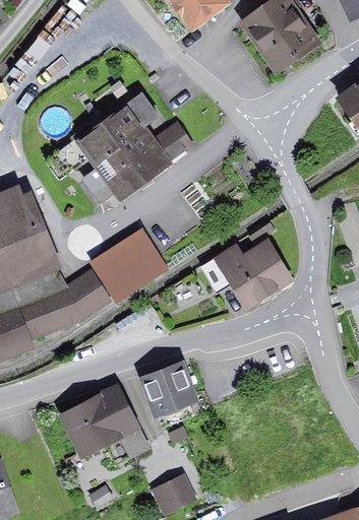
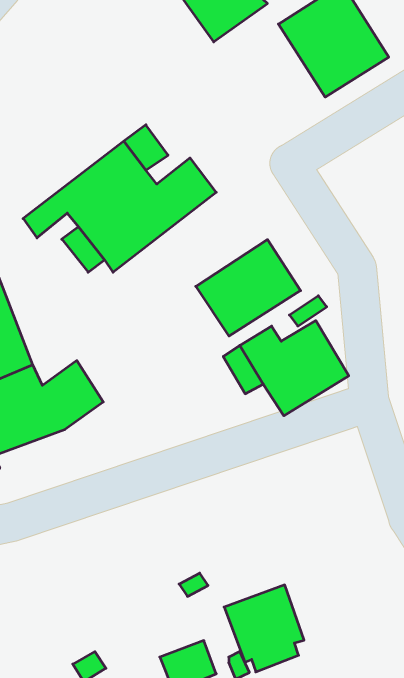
building: [91,228,168,299] -> [196,240,301,336]
building: [139,362,198,426] -> [224,585,304,672]
building: [61,380,152,458] -> none

